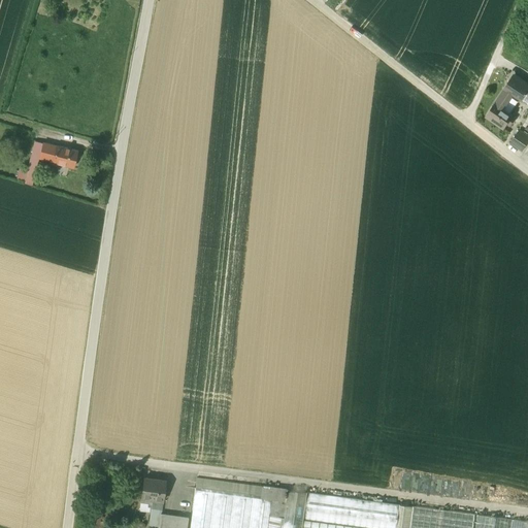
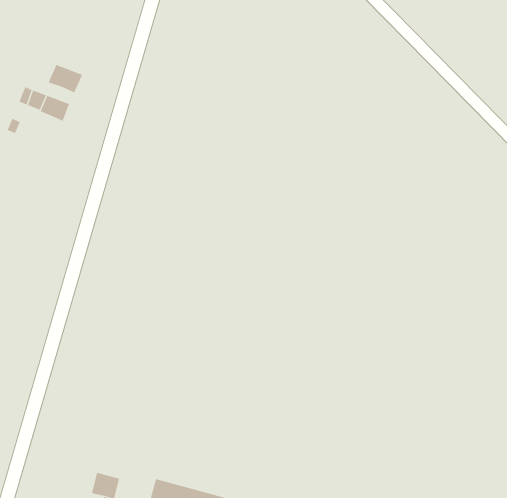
building: none -> [48,64,83,93]

